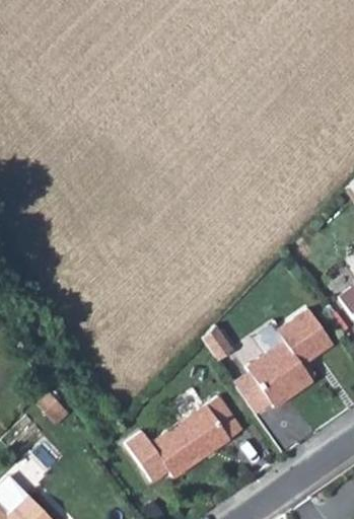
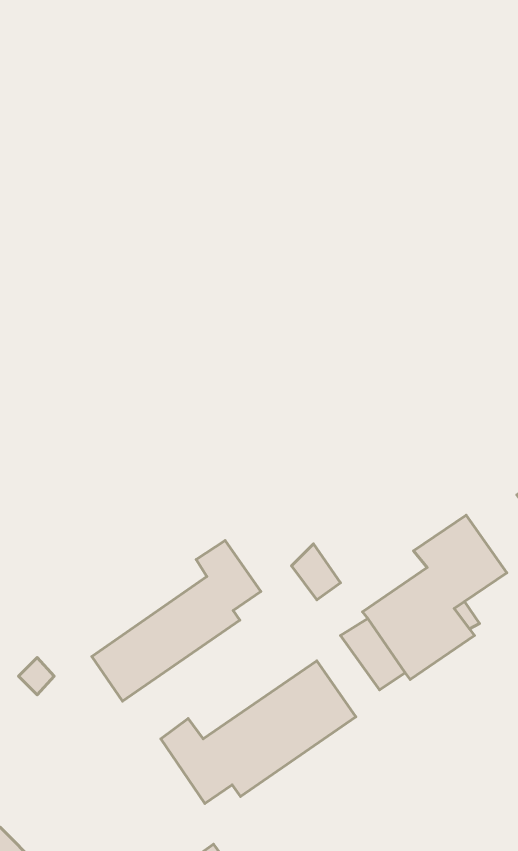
building: none -> [92,541,261,701]

